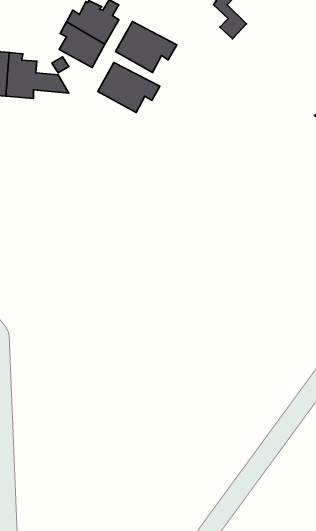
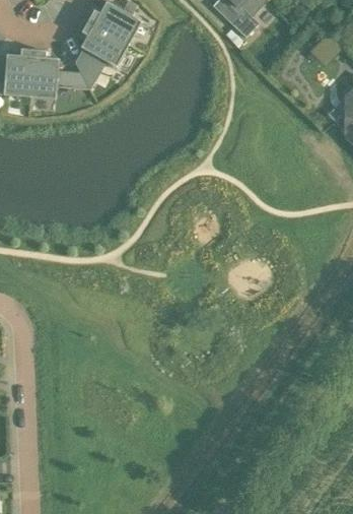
building: [115,22,177,72] -> none
building: [98,63,160,113] -> none

